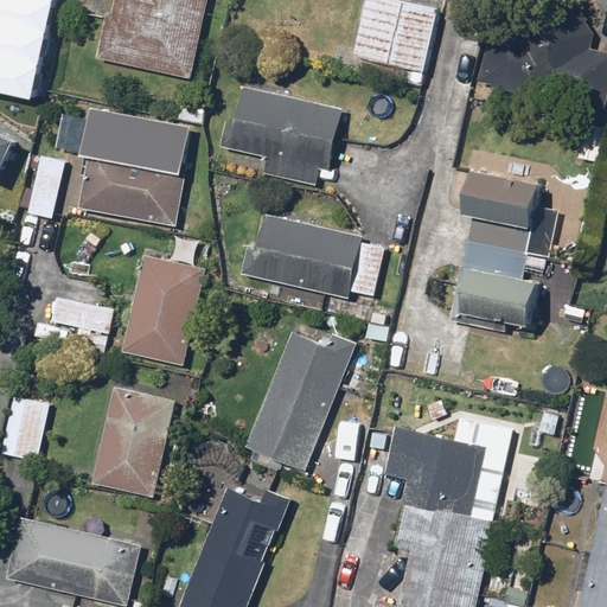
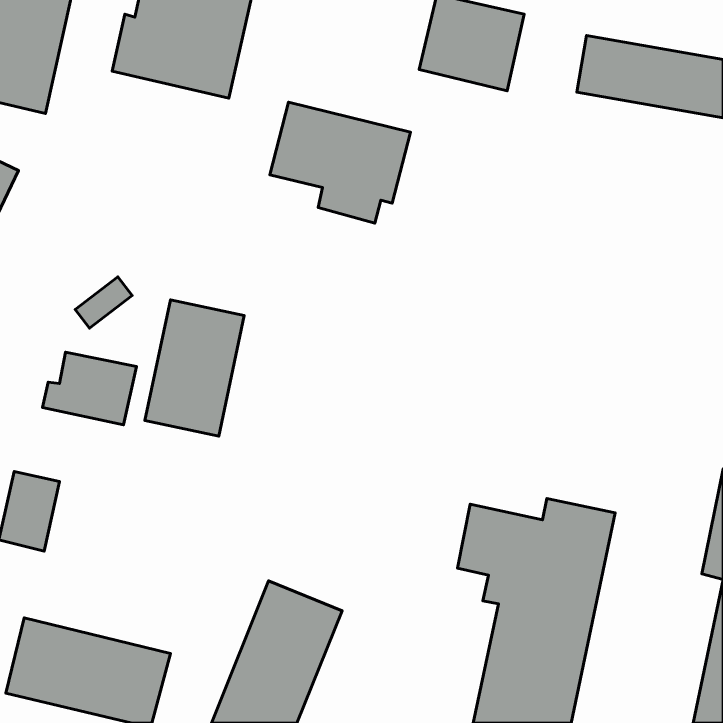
building: [77,110,187,230] -> none
building: [24,153,68,219] -> none
building: [453,168,541,322] -> none
building: [244,212,384,299] -> none
building: [243,322,357,473] -> none
building: [88,383,175,494] -> none

